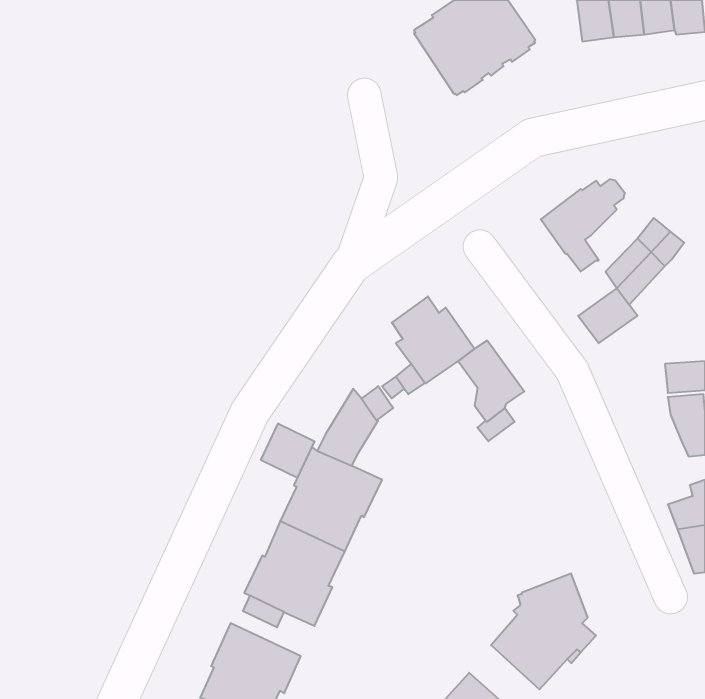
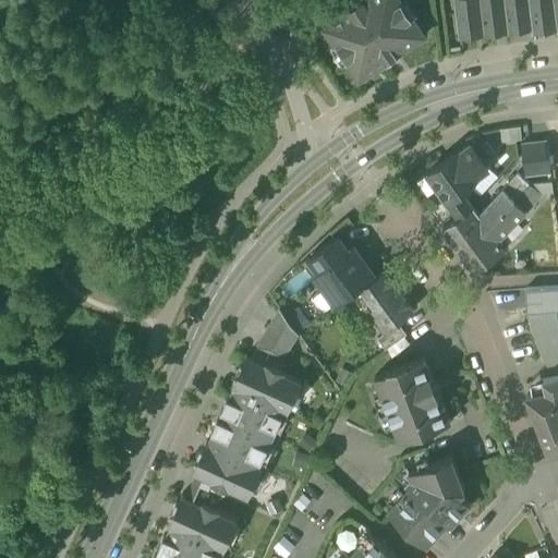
building: none -> [522,145,551,179]
building: none -> [440,210,487,254]
building: [261,423,314,478] -> none
building: none -> [375,360,451,445]

